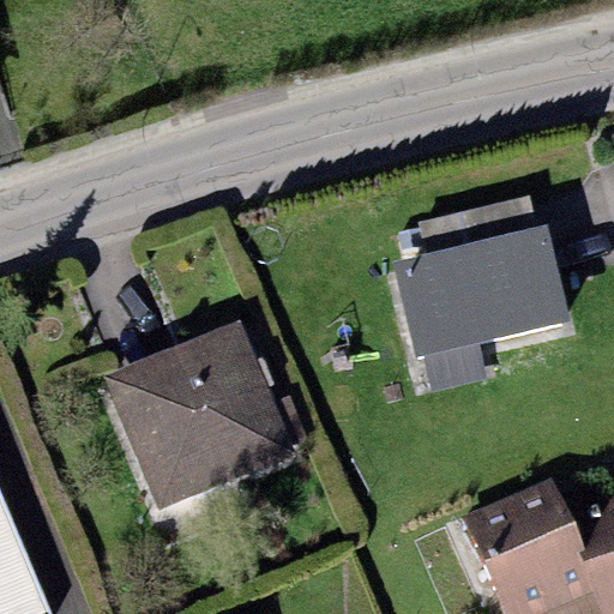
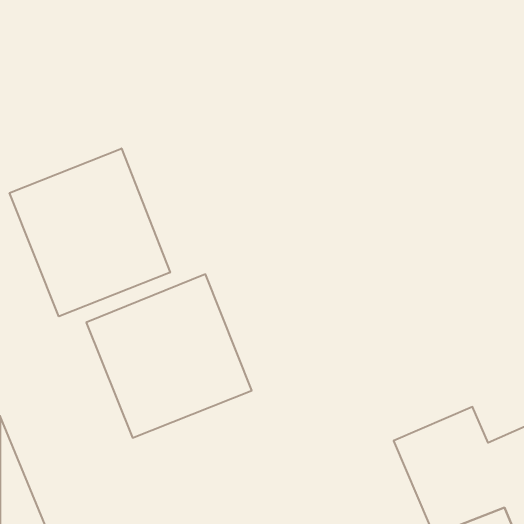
building: none -> [10,148,170,316]
building: [389,198,571,360] -> none

